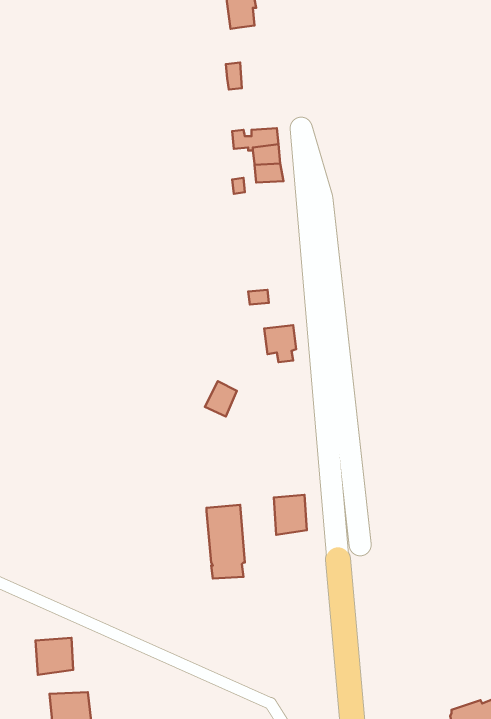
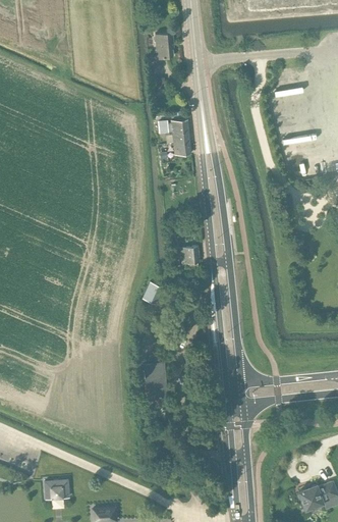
building: [274,495,307,535] -> none
building: [36,638,73,675] -> none

